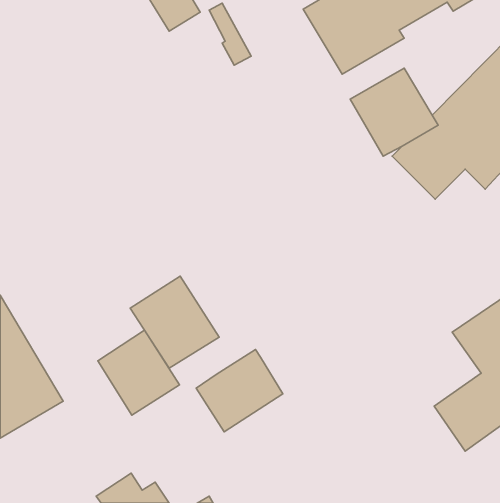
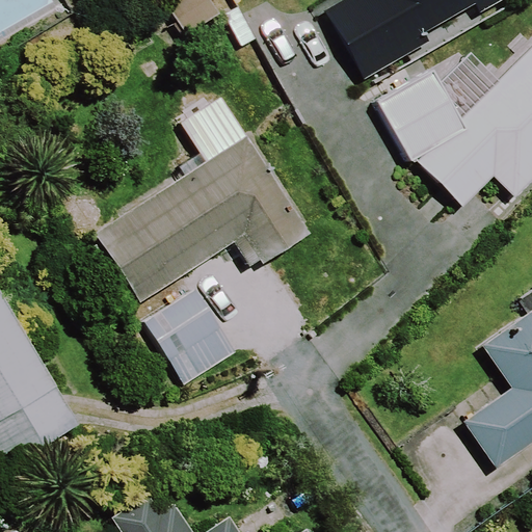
building: none -> [94,97,310,302]
building: [98,330,179,415] -> none
building: [196,349,283,432] -> none

